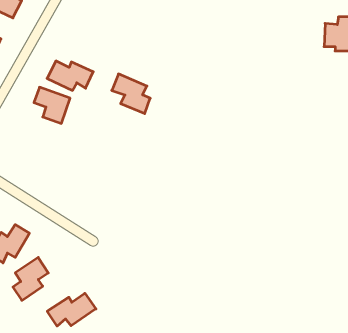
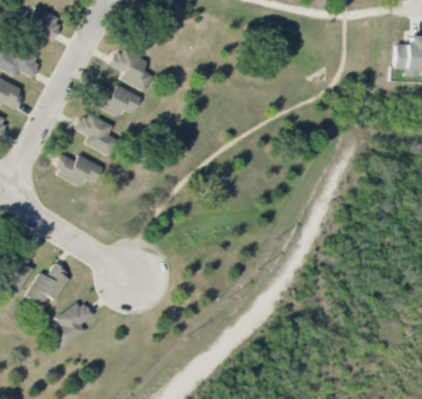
building: [112,74,150,114] -> [110,48,152,92]
building: none -> [54,154,95,187]
building: [47,293,96,326] -> none

